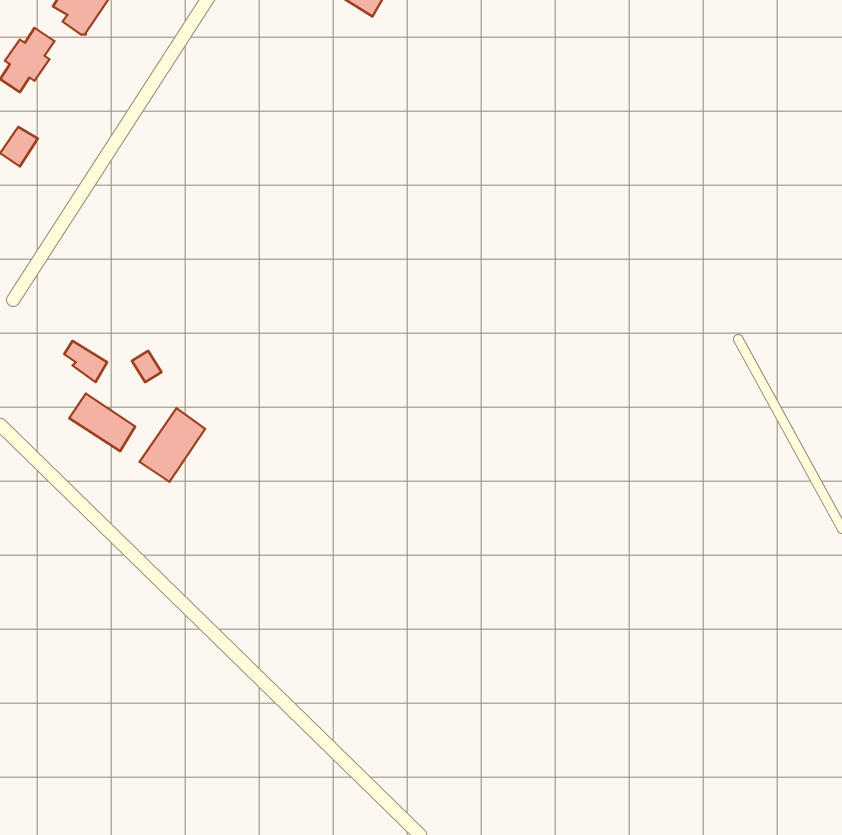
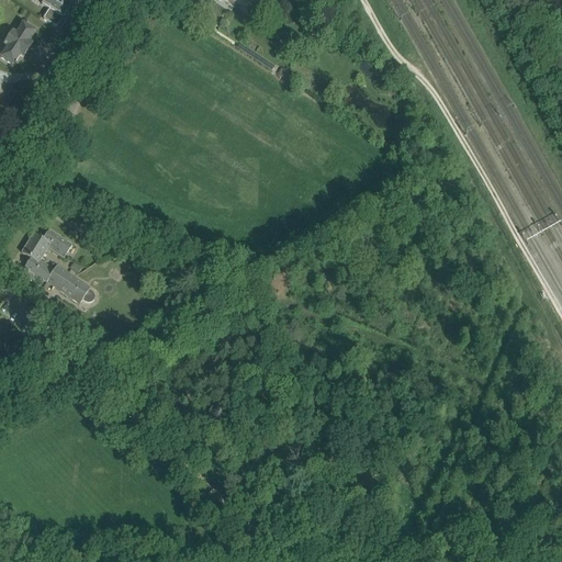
building: none -> [22,231,57,279]
building: [139,408,205,482] -> none

